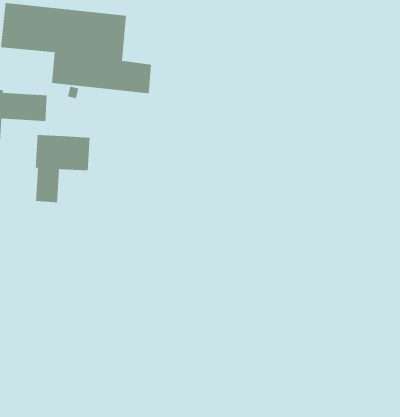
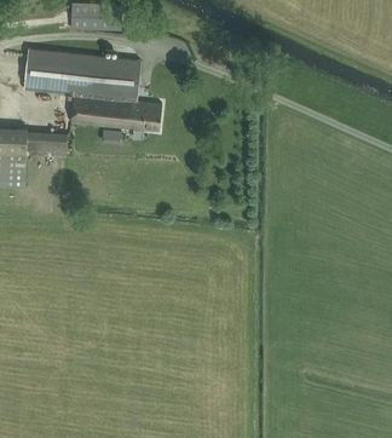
building: [35,134,90,203] -> none

